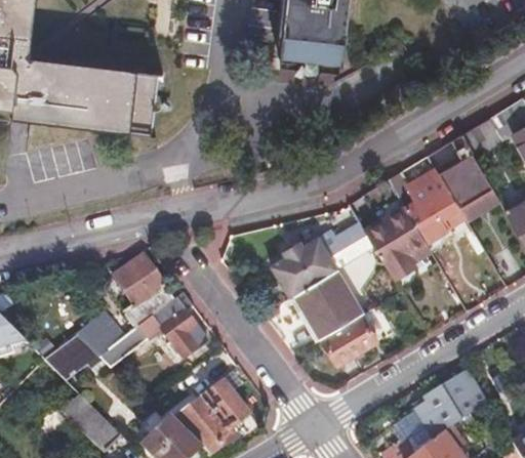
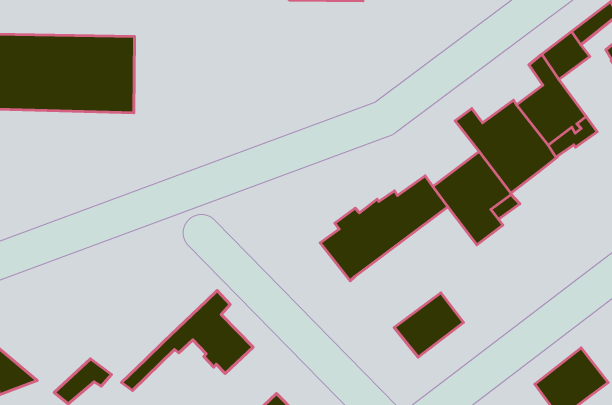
building: [117,254,175,327] -> none
building: [295,268,362,336] -> none
building: [78,315,122,356] -> none

